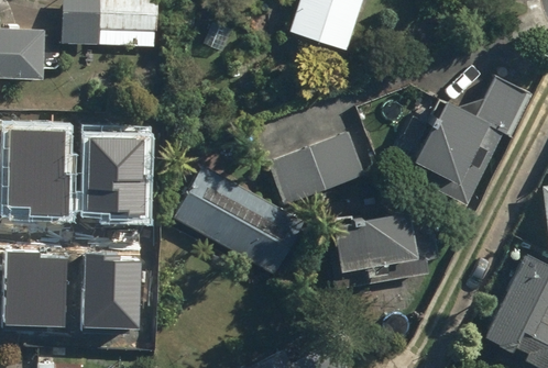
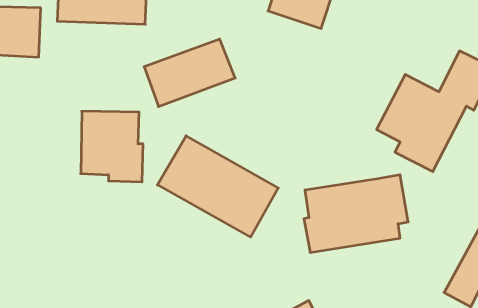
building: [11,129,74,215] -> none
building: [266,132,364,204] -> [144,39,235,107]
building: [11,252,69,324] -> none
building: [86,255,143,327] -> none

